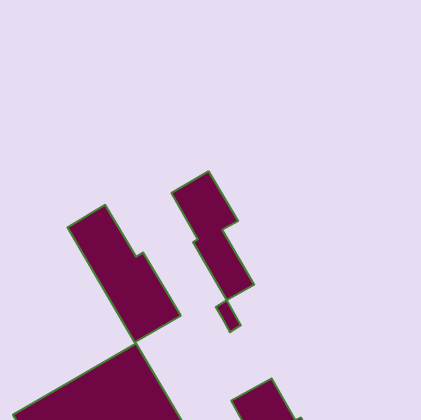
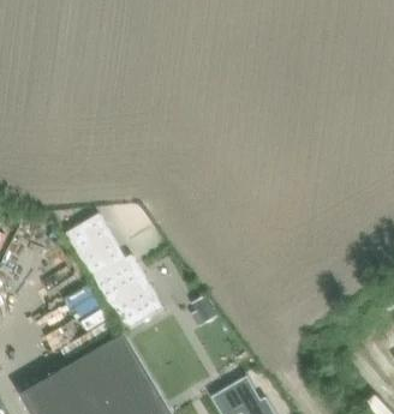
building: [172,171,254,300] -> none

